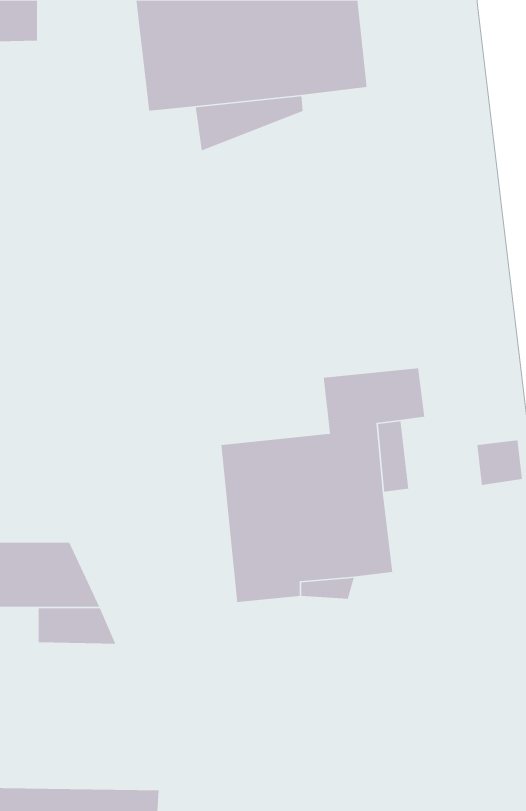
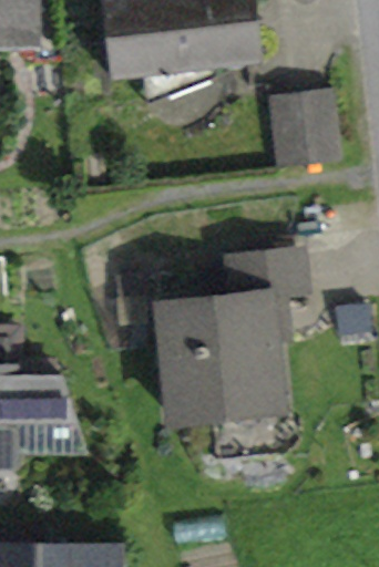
building: none -> [270,89,340,167]

